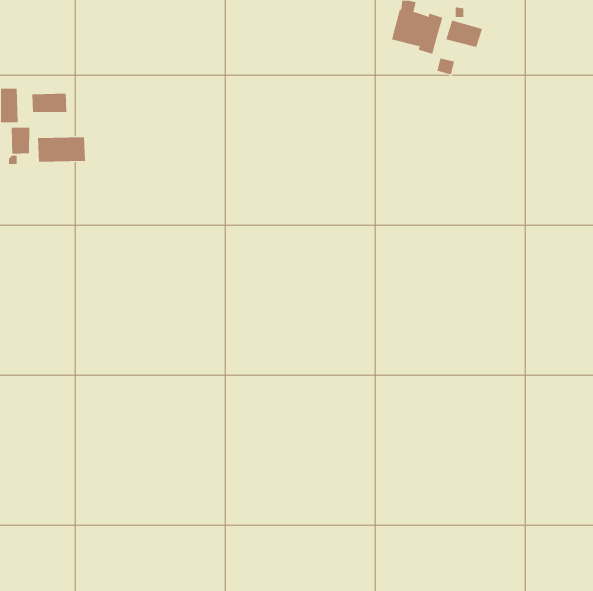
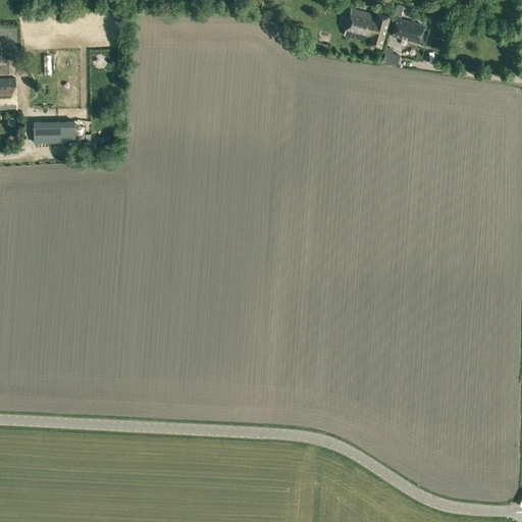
building: [32,93,67,113] -> none
building: [11,127,30,155] -> none

